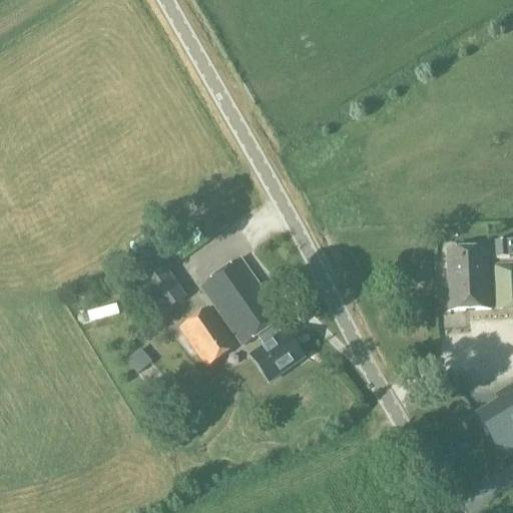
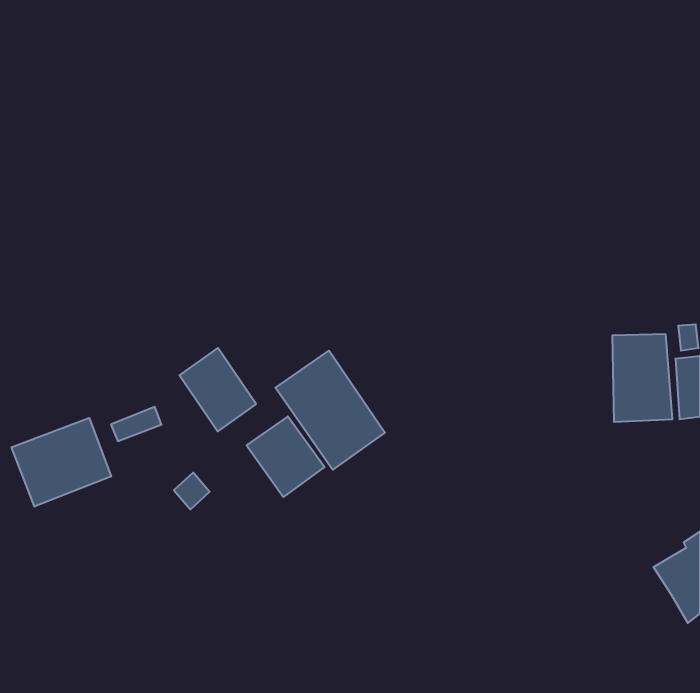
building: none -> [12,418,111,507]
building: [250,330,305,380] -> none

